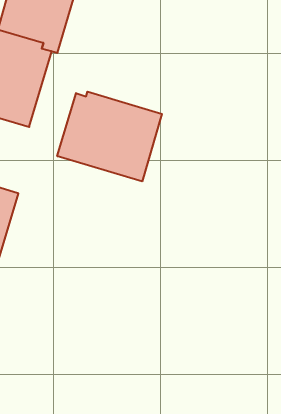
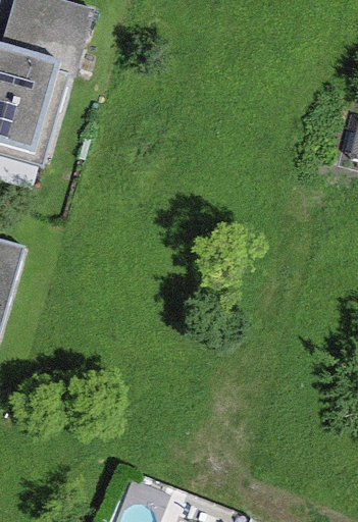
building: [57,92,162,181] -> none

